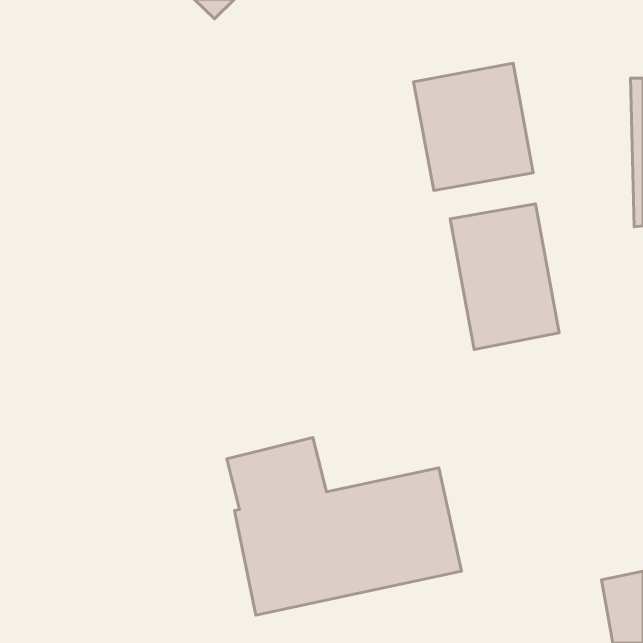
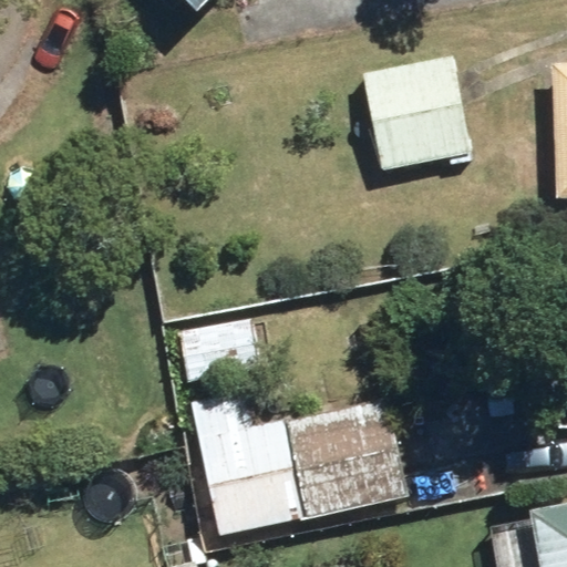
building: [450,204,559,349] -> none

